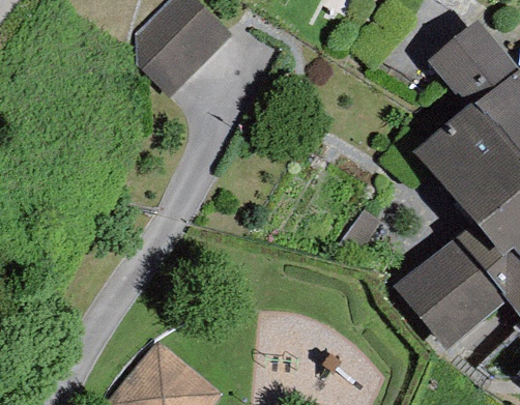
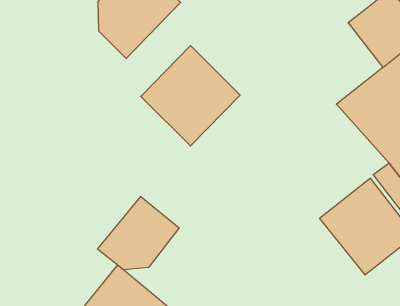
building: none -> [141,46,240,146]
building: none -> [98,197,179,270]

